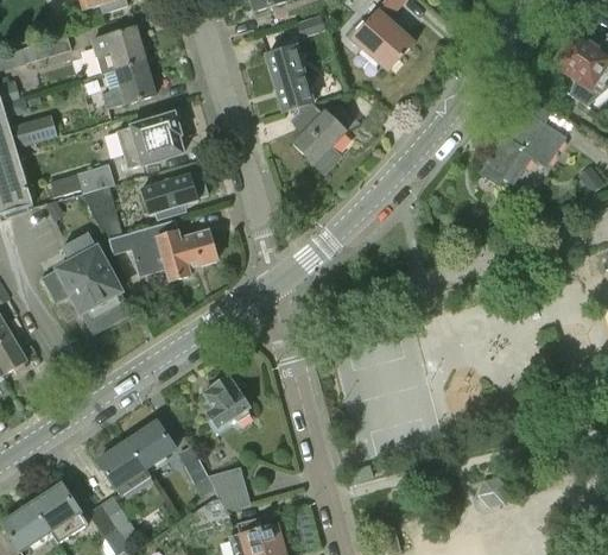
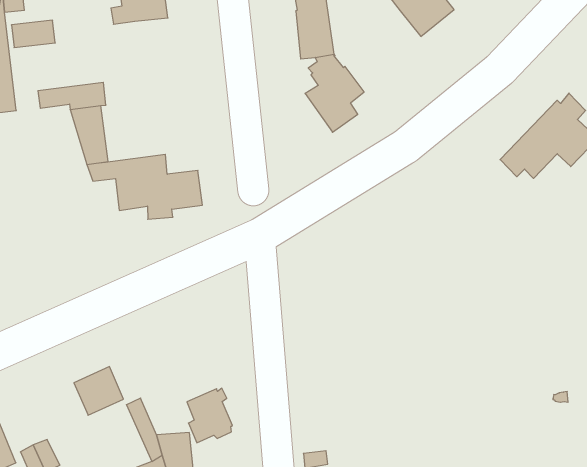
building: [119,113,183,168] -> none
building: [142,172,208,214] -> none
building: [44,234,131,333] -> none
building: [203,374,248,428] -> [187,388,232,443]
building: [97,441,151,496] -> none

